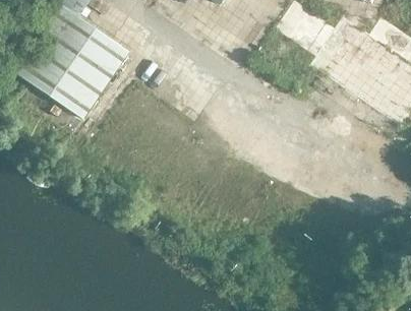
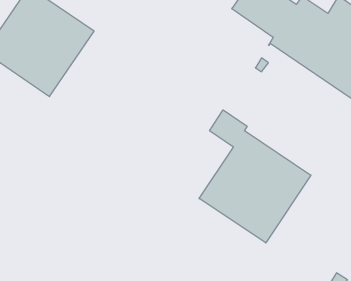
building: none -> [199,110,311,243]

